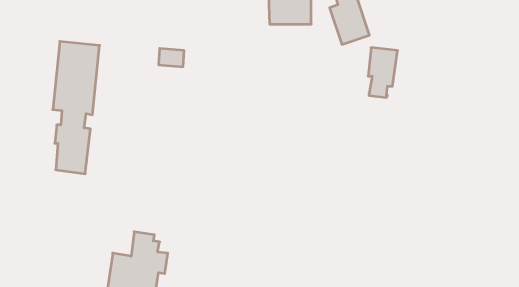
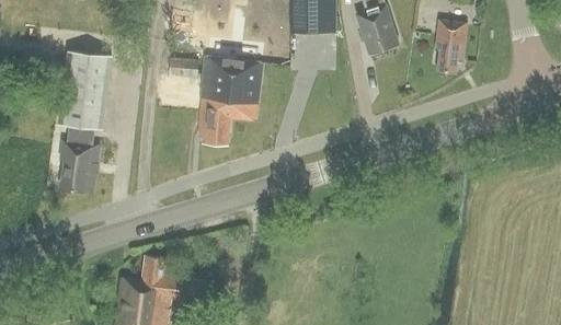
building: none -> [198,56,261,143]
building: [368,48,398,97] -> [435,19,467,72]

